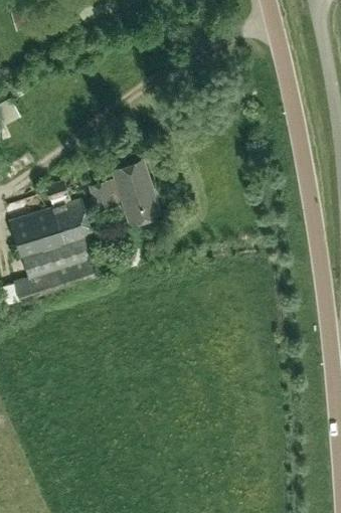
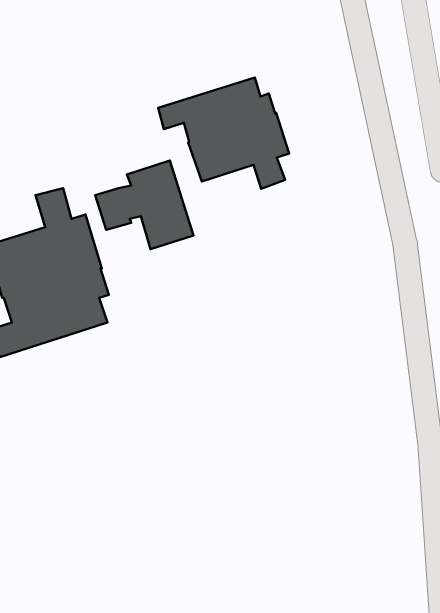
building: none -> [158,78,289,189]

